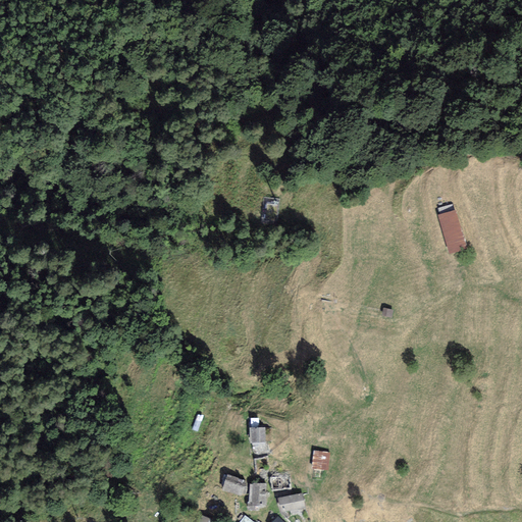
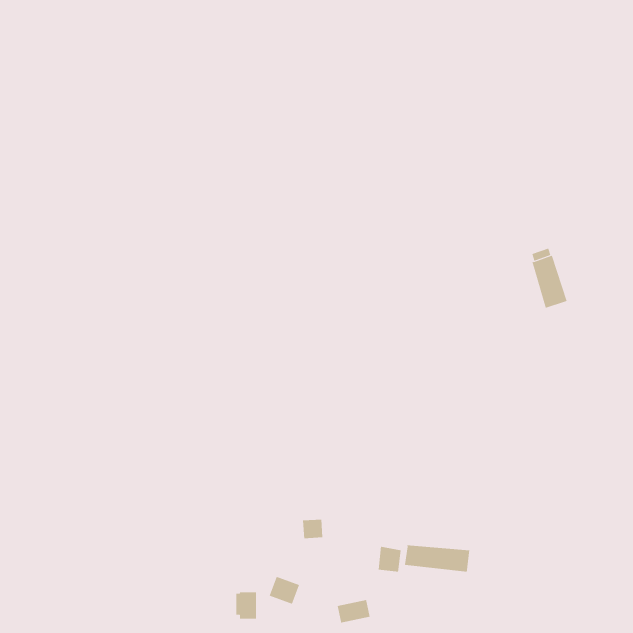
building: none -> [404,544,470,572]
building: [249,483,266,506] -> [236,592,257,619]

